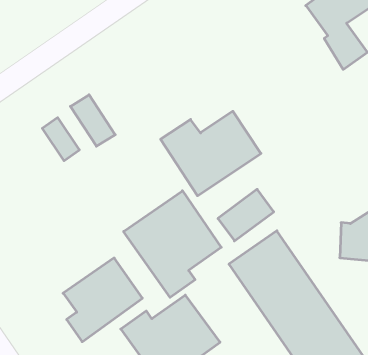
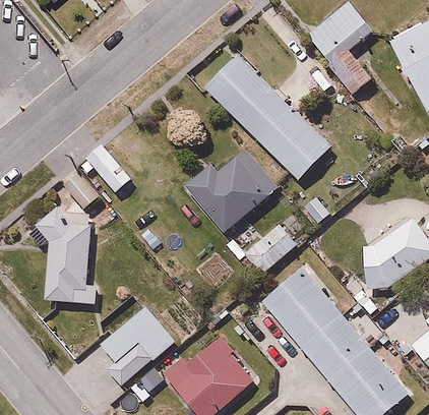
building: none -> [204,55,329,184]
building: none -> [37,197,101,304]
building: [124,191,221,297] -> none

